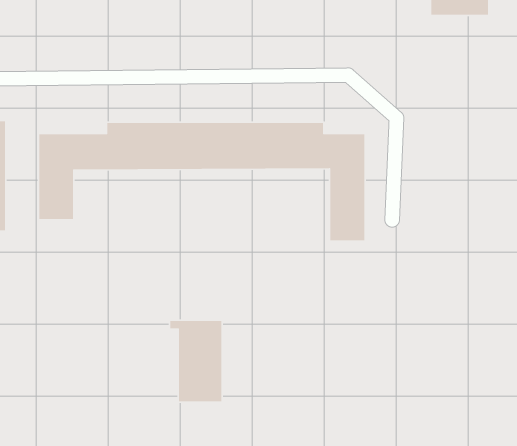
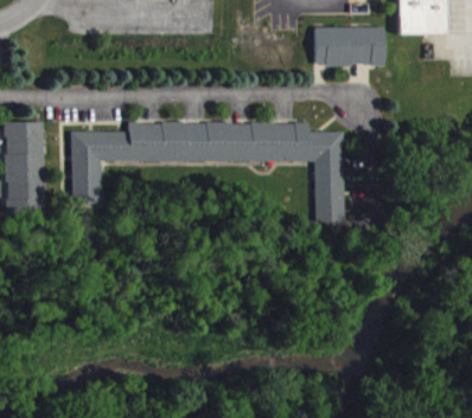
building: none -> [314,27,385,67]
building: [170,320,222,402] -> none

